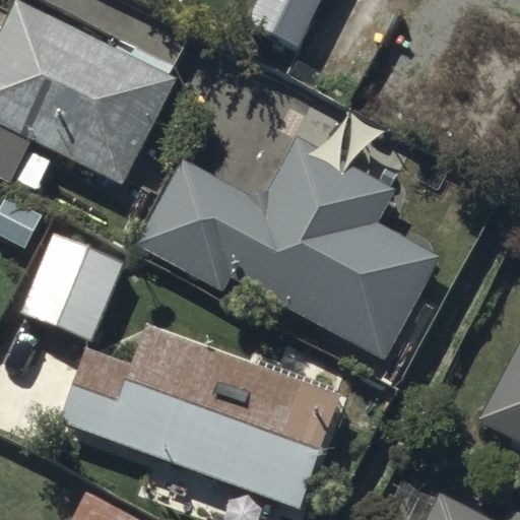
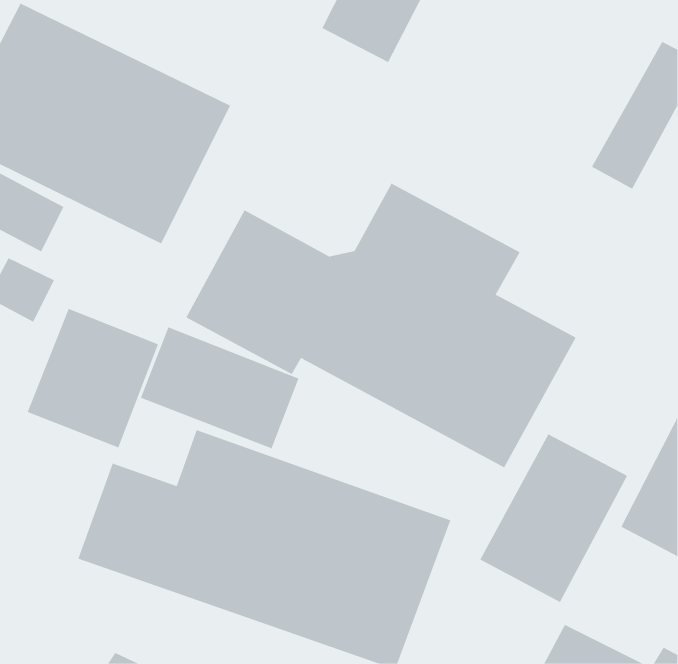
building: none -> [140,327,299,449]
building: none -> [480,434,628,603]

